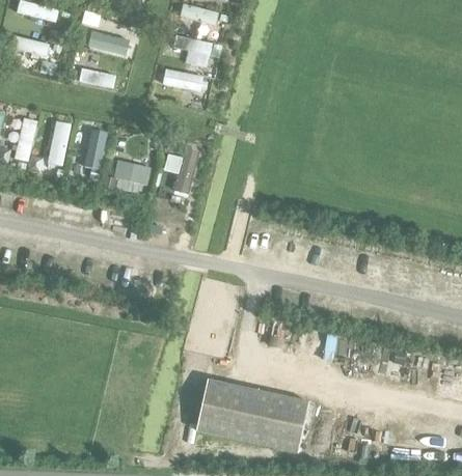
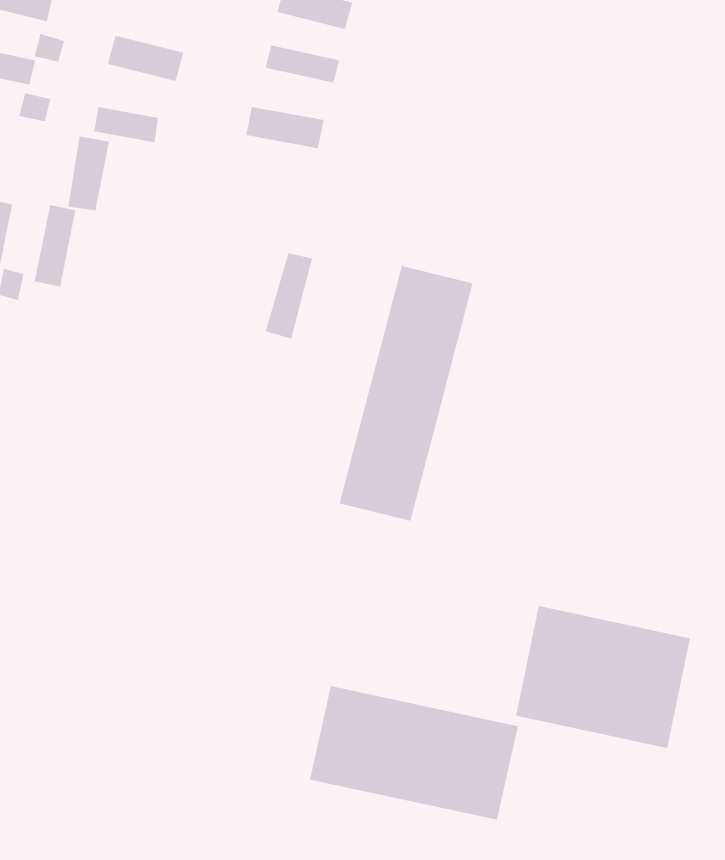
building: [84,128,107,168] -> [67,136,110,211]
building: none -> [339,265,473,521]
building: [113,159,153,185] -> none
building: none -> [515,605,690,749]

